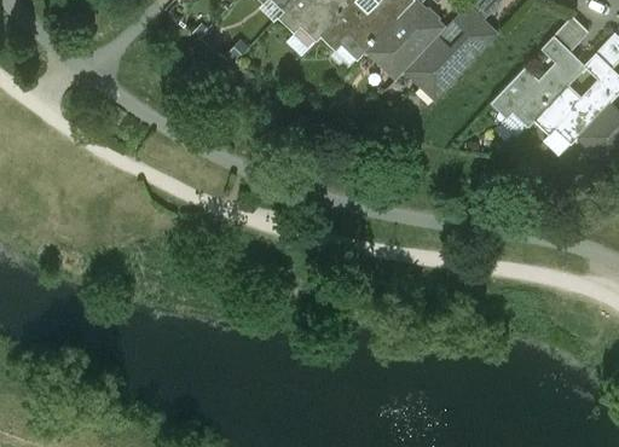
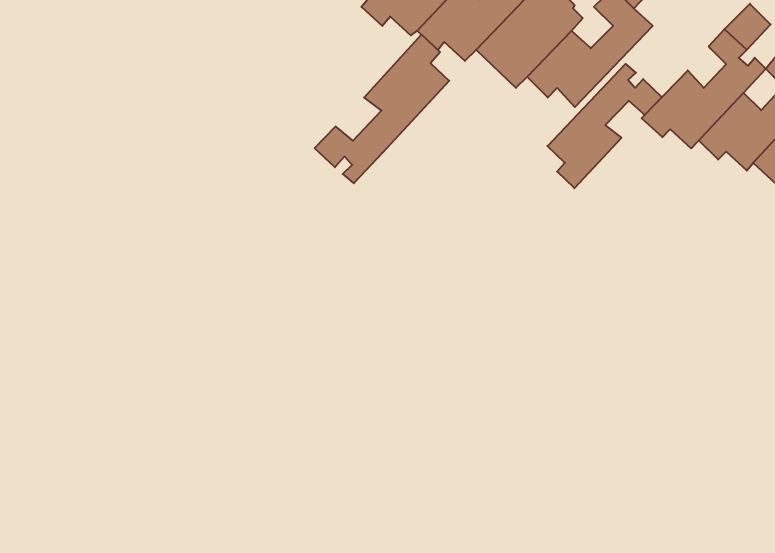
building: none -> [315,35,449,183]
building: none -> [547,64,662,188]

